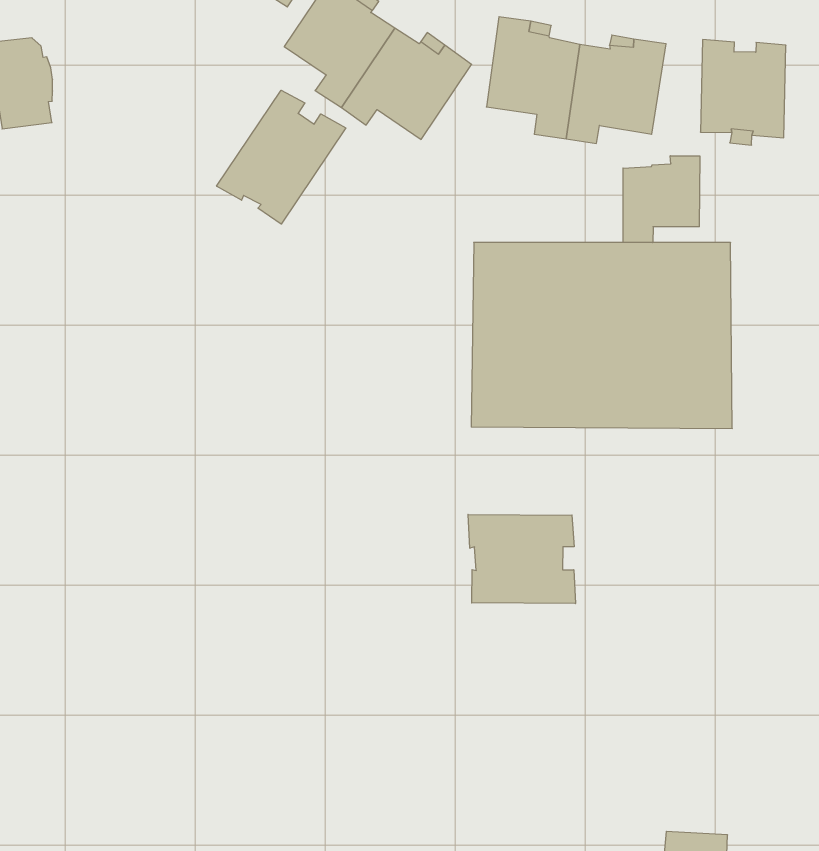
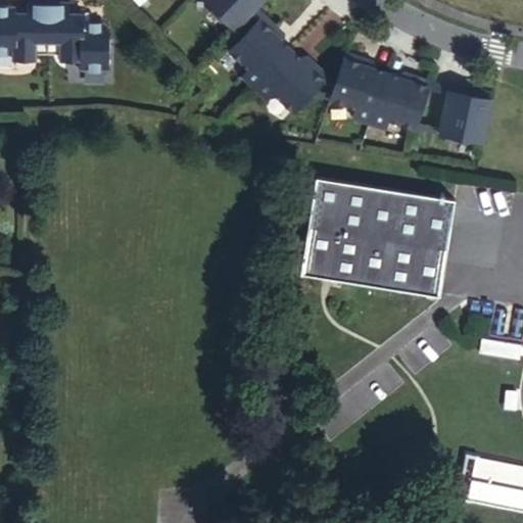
building: [217,90,346,224] -> none
building: [623,156,700,243] -> none
building: [468,514,575,604] -> none

